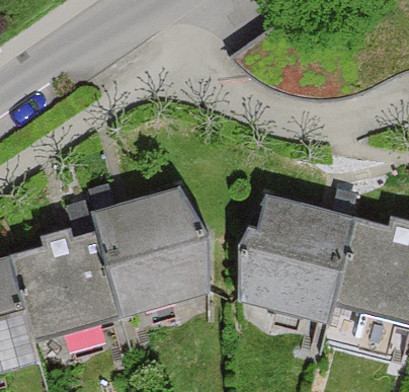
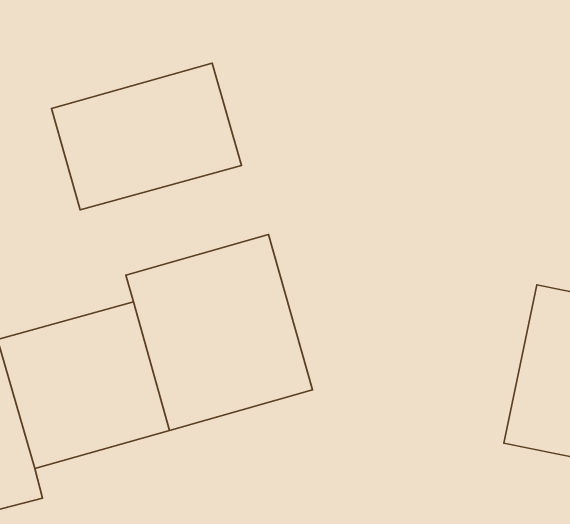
building: none -> [51,63,241,210]
building: [248,201,358,321] -> none

